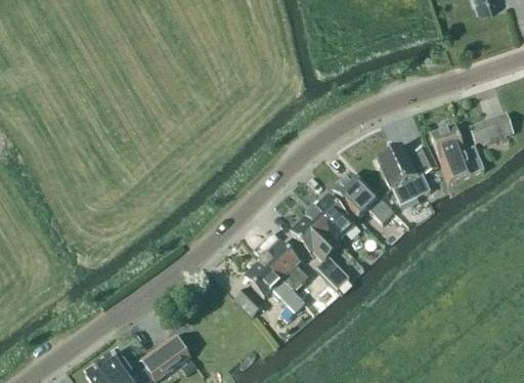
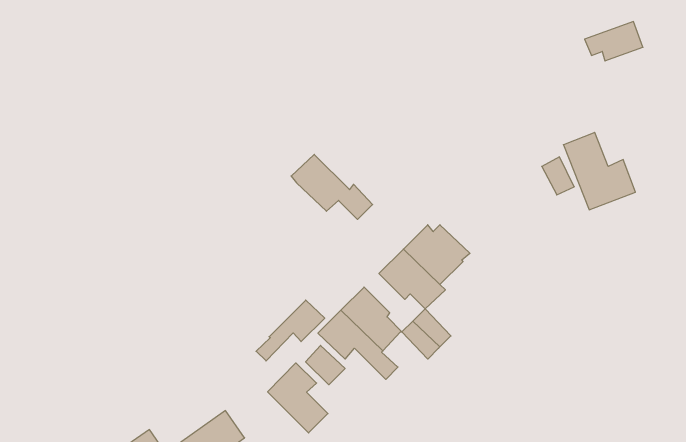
building: [469,112,513,141] -> [585,22,643,61]
building: [376,144,430,204] -> none
building: [333,173,394,222] -> [291,154,373,219]
building: none -> [256,300,325,361]
building: none -> [268,363,328,433]

